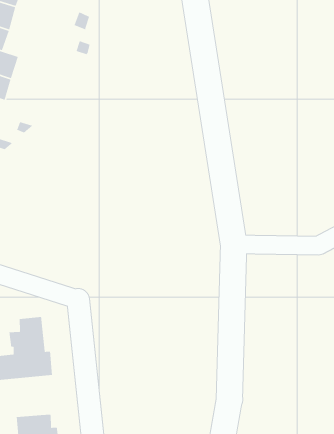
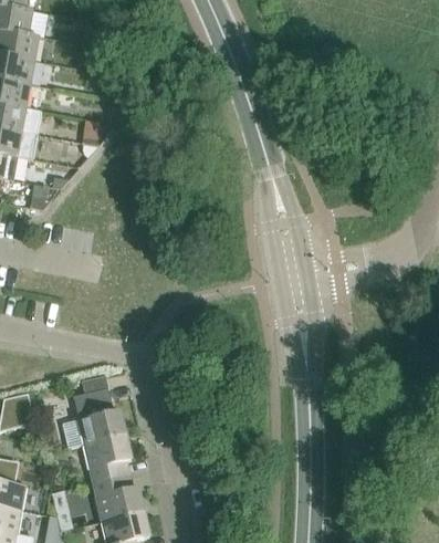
building: none -> [83,435,132,482]

